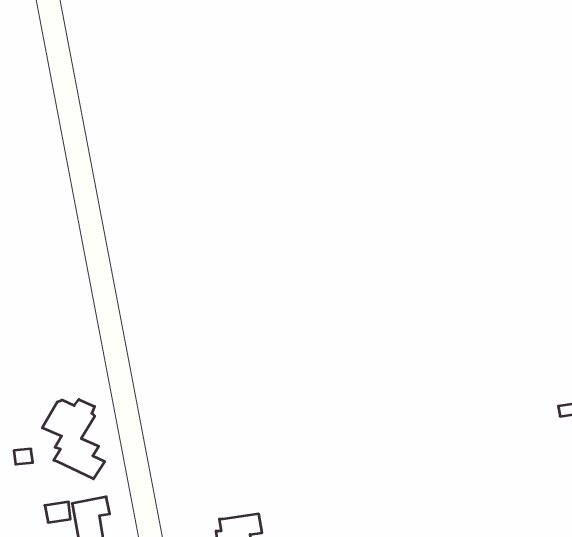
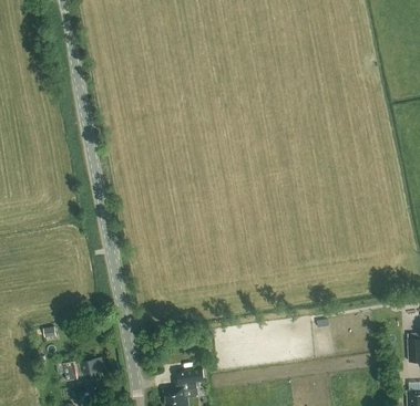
building: [42,399,105,479] -> none

